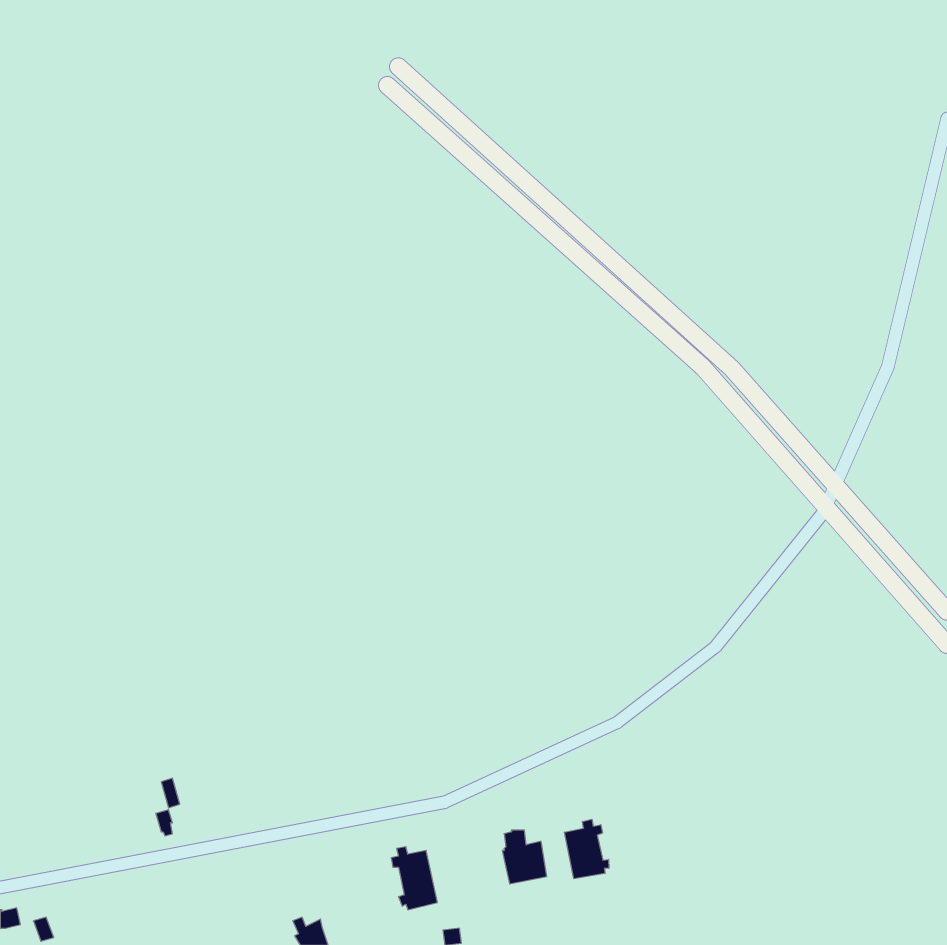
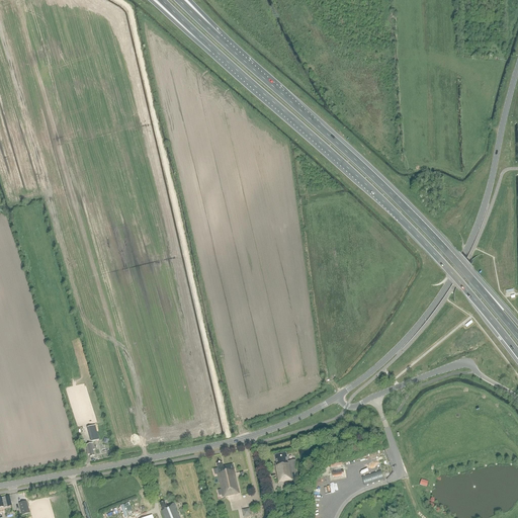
building: [565,819,609,879] -> none

